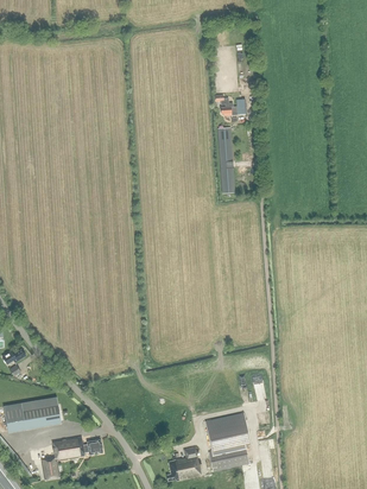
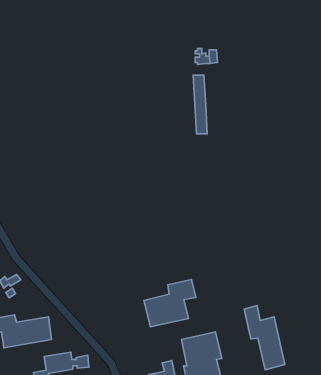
building: none -> [144,280,196,327]
building: none -> [244,306,285,370]

